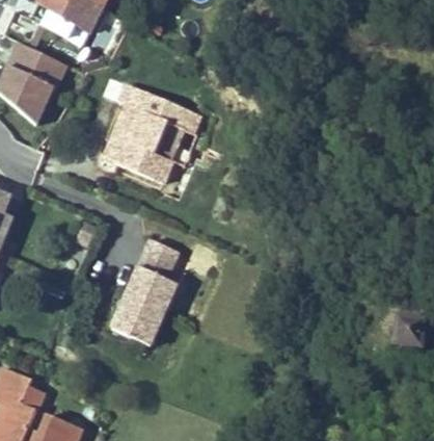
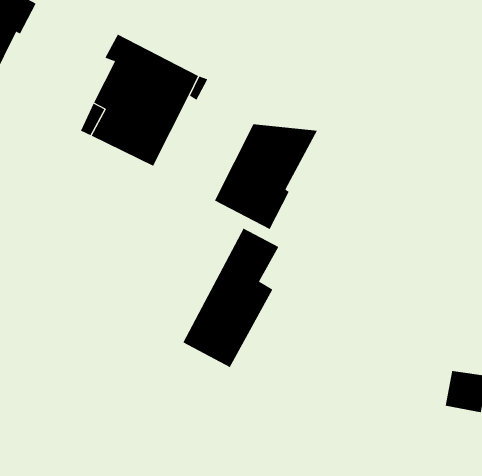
building: none -> [214,123,318,230]
building: [114,238,182,344] -> [182,228,279,368]

